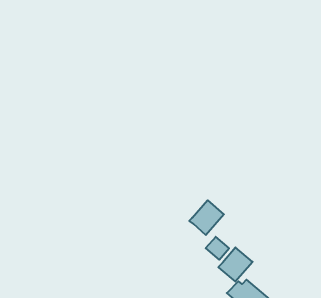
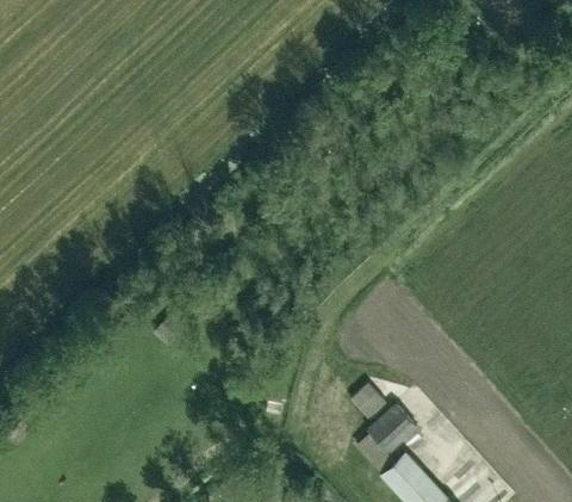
building: [189,200,224,235] -> none

